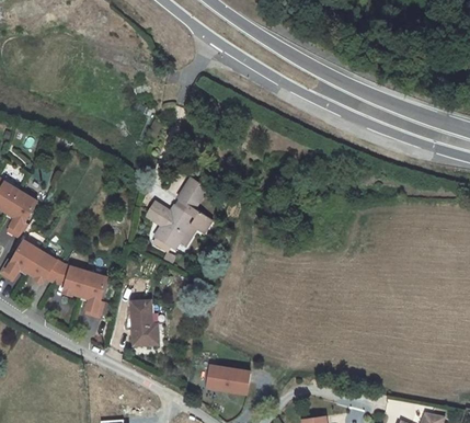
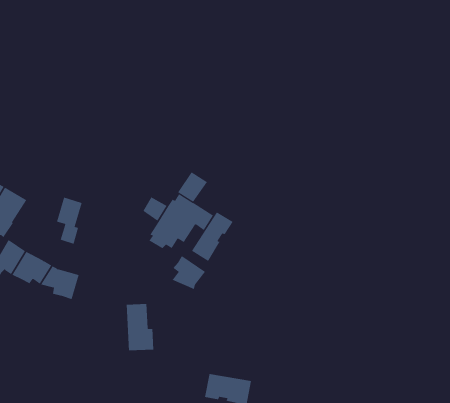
building: none -> [191,211,233,262]
building: none -> [172,255,206,290]
building: [82,274,106,318] -> [56,197,82,244]

